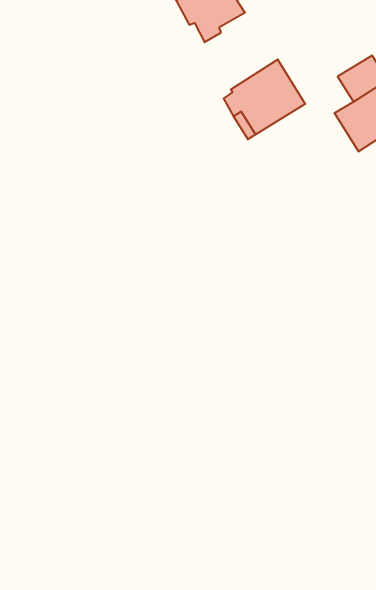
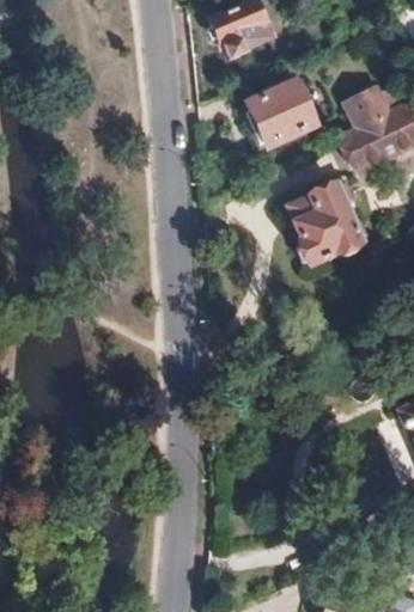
building: none -> [286,185,364,265]

